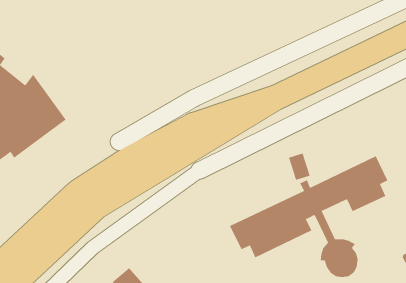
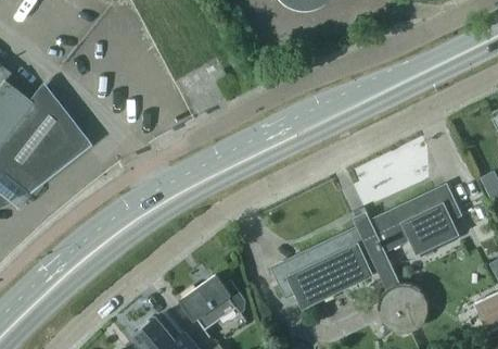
building: none -> [180,274,245,332]

